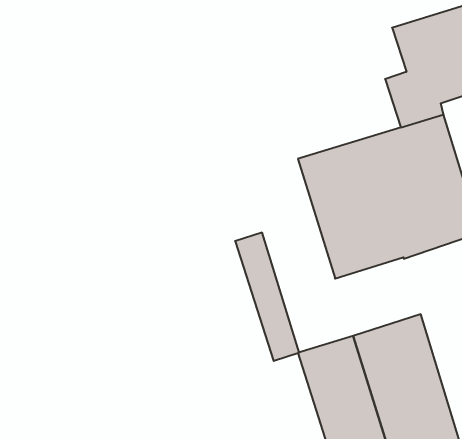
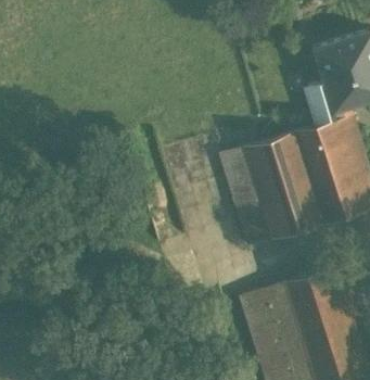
building: [235,233,299,361] -> [219,148,268,245]

